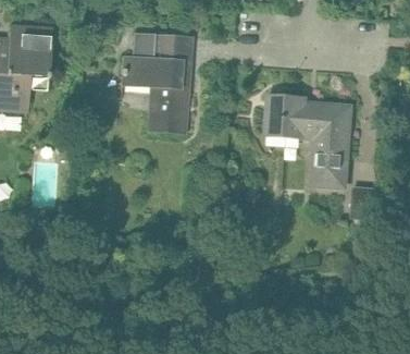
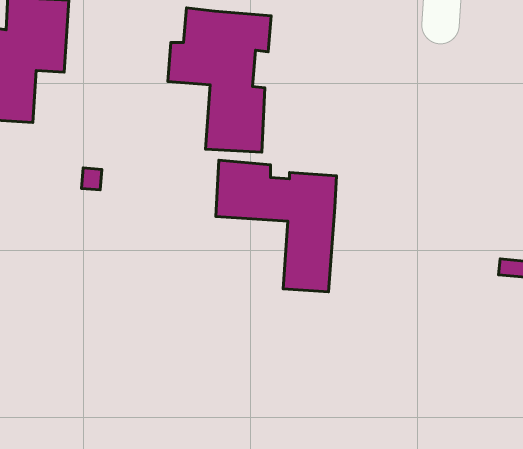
building: [266,95,350,186] -> [216,160,336,292]

